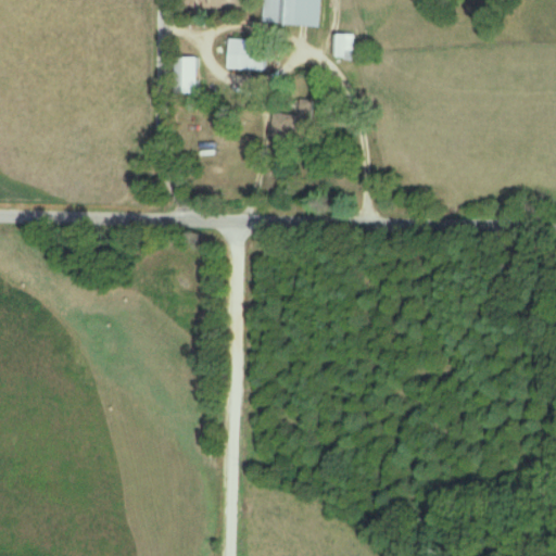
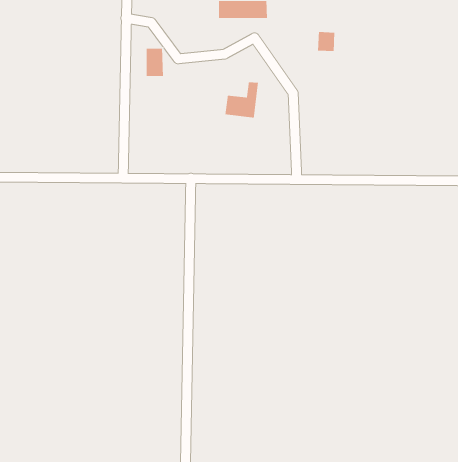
building: [331,33,353,58] -> [317,31,335,52]
building: [227,38,265,68] -> none

